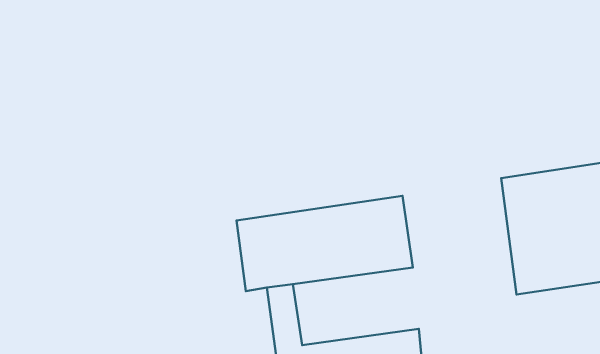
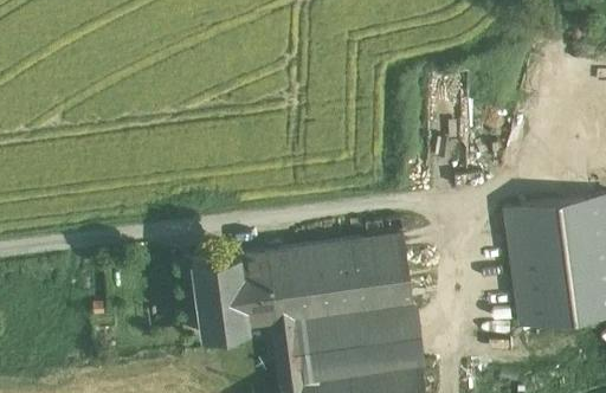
building: none -> [189,256,249,336]
building: none -> [296,304,423,382]

